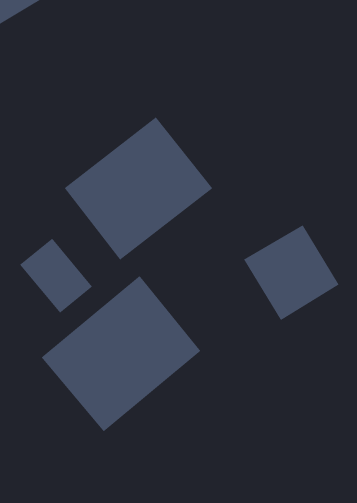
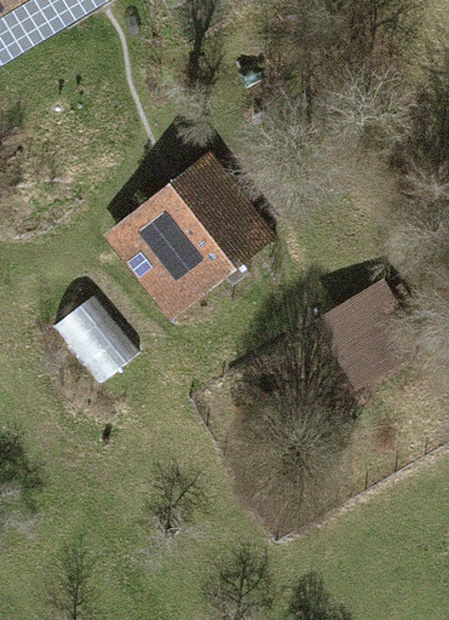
building: [41,275,201,432] -> none

